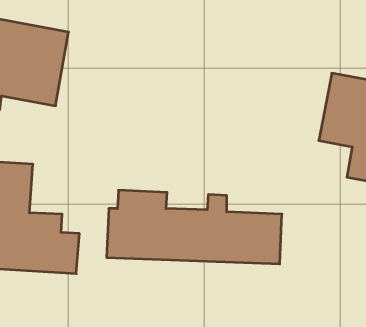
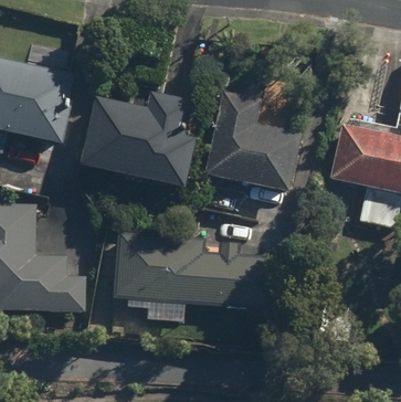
building: none -> [73,89,198,190]
building: none -> [202,93,302,192]

